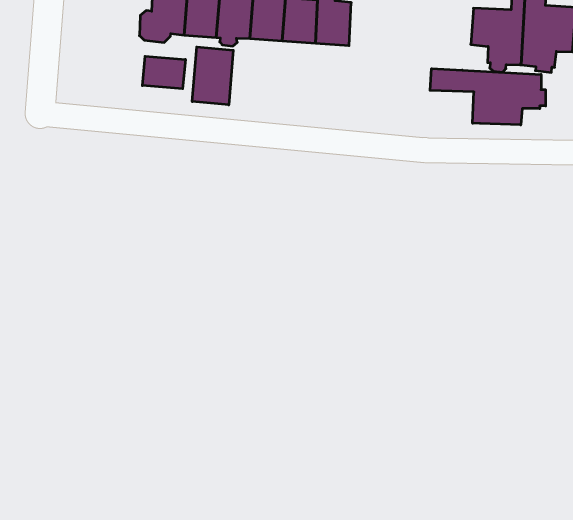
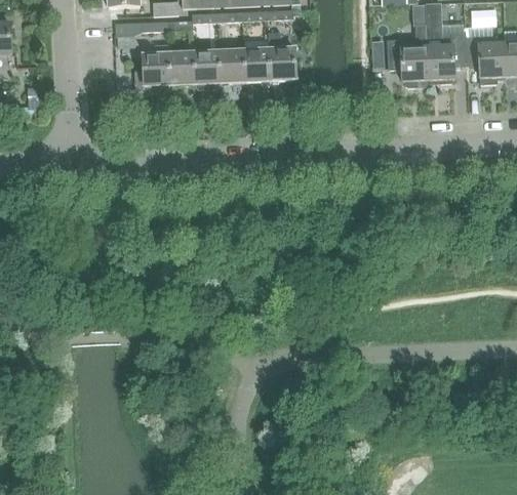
building: [192,47,233,105] -> none
building: [142,56,185,89] -> none
building: [430,69,546,125] -> none

